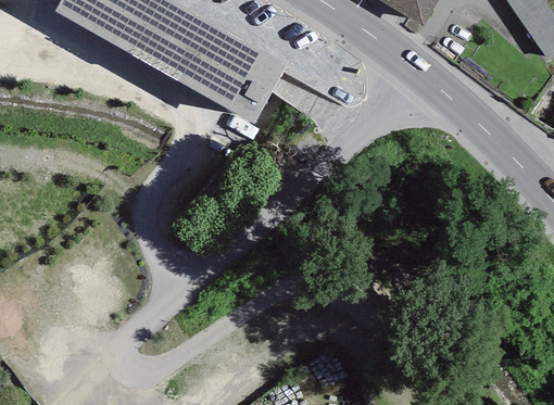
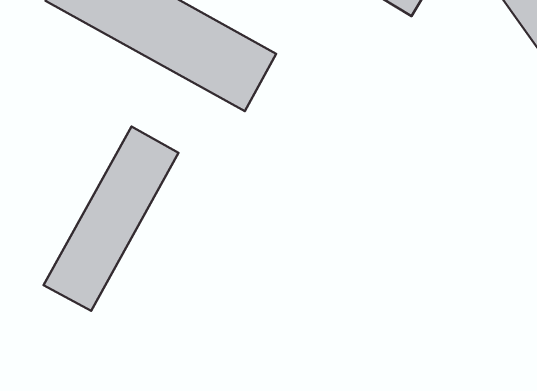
building: none -> [43,126,178,311]

